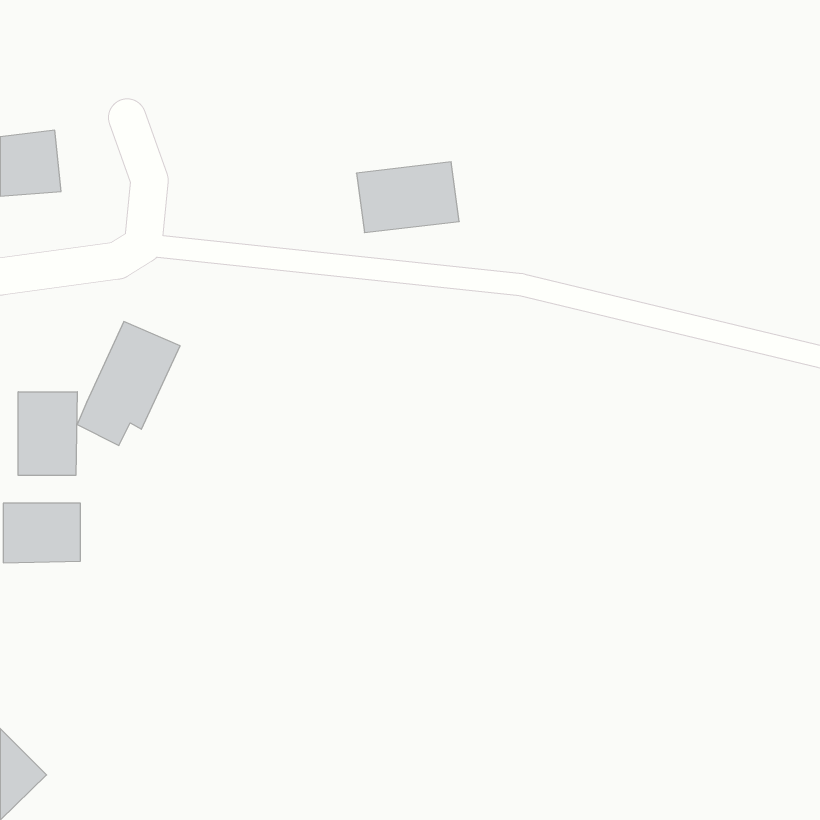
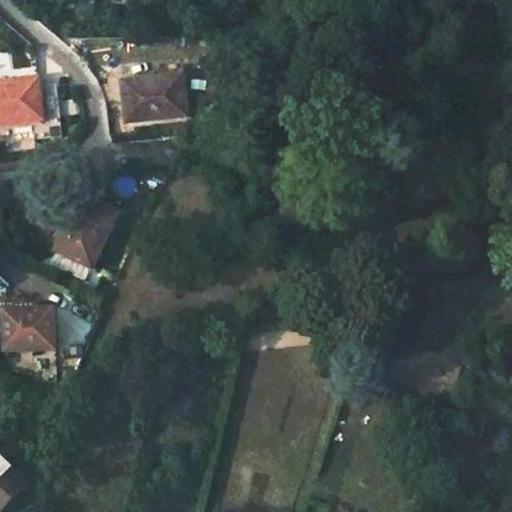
building: [356,162,459,233] -> [122,75,186,119]
building: [18,392,77,475] -> none

